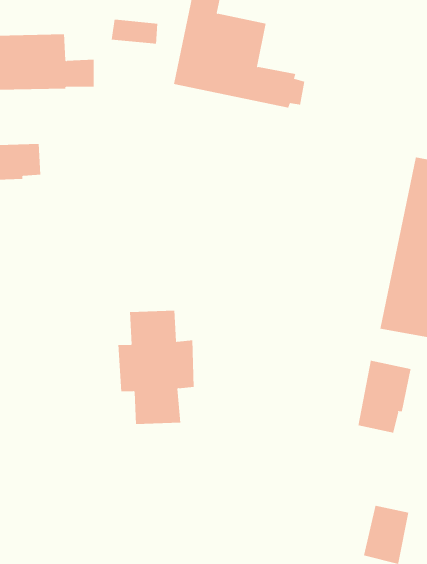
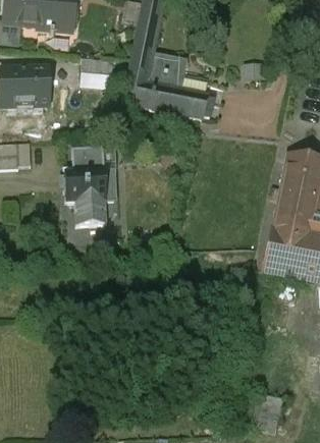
building: [117,310,195,424] -> [64,148,117,226]
building: [358,360,411,434] -> none

